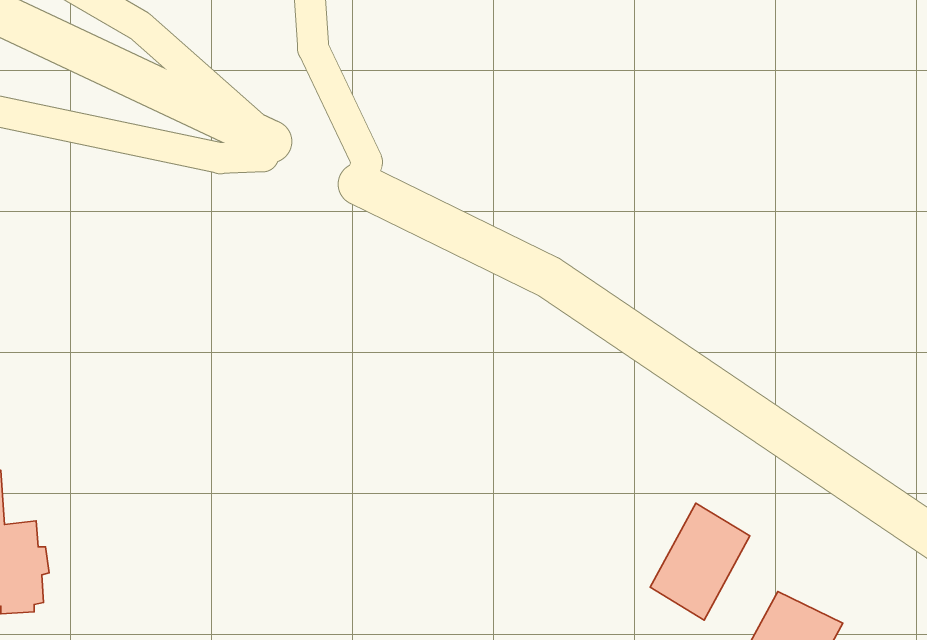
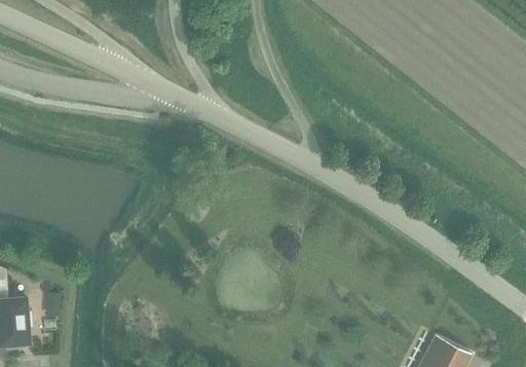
building: [650,503,750,620] -> none

